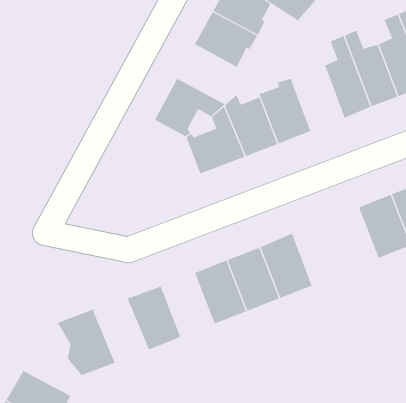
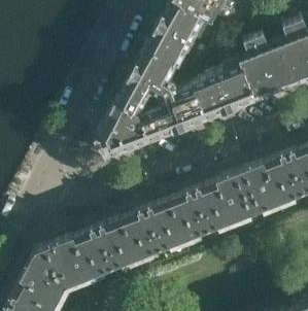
building: none -> [132,46,176,90]
building: none -> [214,64,252,109]
building: none -> [95,101,148,157]
building: none -> [214,163,277,220]
building: none -> [121,211,159,257]
building: none -> [72,230,111,276]
building: none -> [19,247,63,300]

